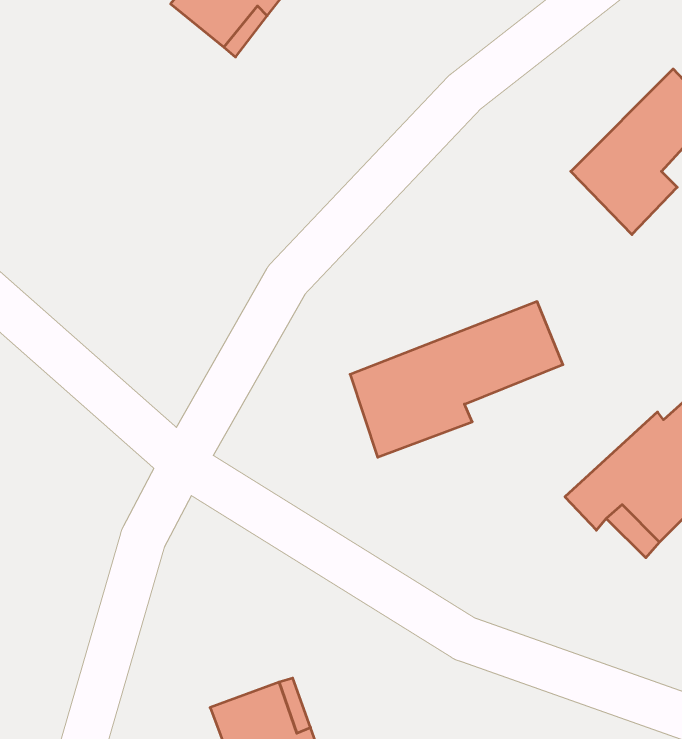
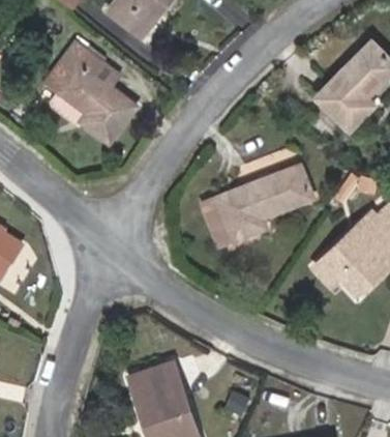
building: none -> [44,42,136,142]

